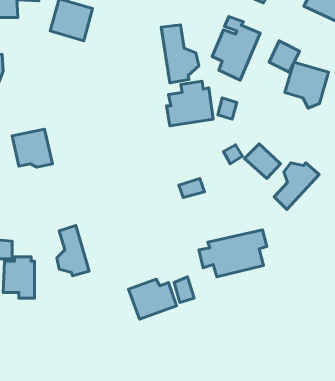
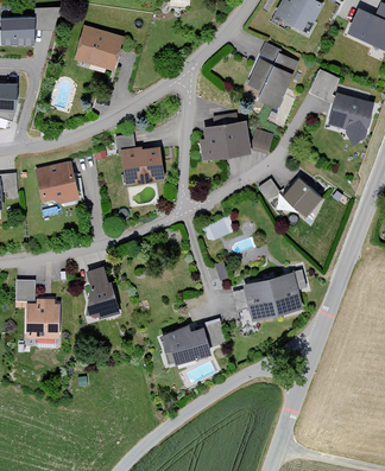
building: [161,25,199,83] -> none
building: none -> [120,136,164,184]
building: [274,163,319,209] -> none

